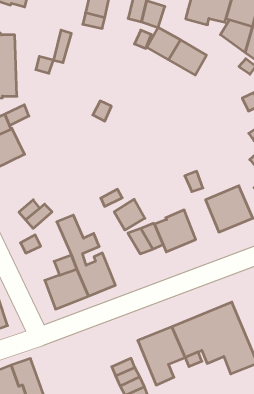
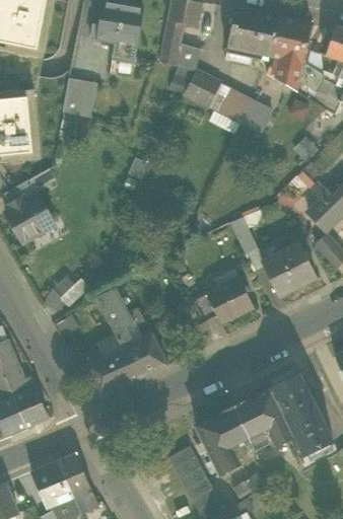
building: none -> [63,77,85,115]
building: none -> [241,97,277,133]
building: [114,199,145,230] -> none

